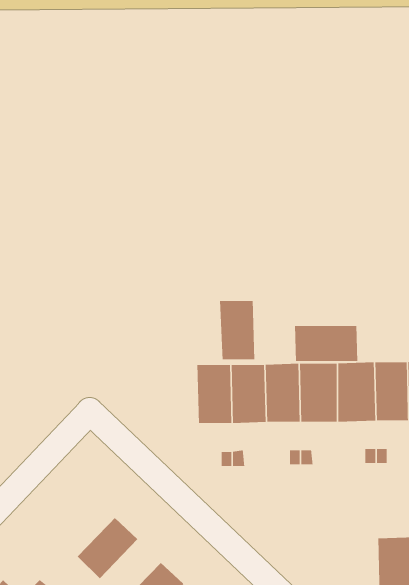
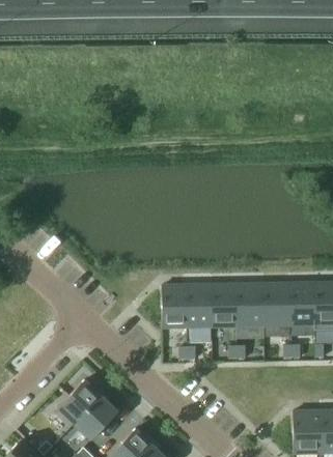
building: [219,300,255,360] -> none
building: [294,325,358,362] -> none
building: none -> [57,379,103,424]

